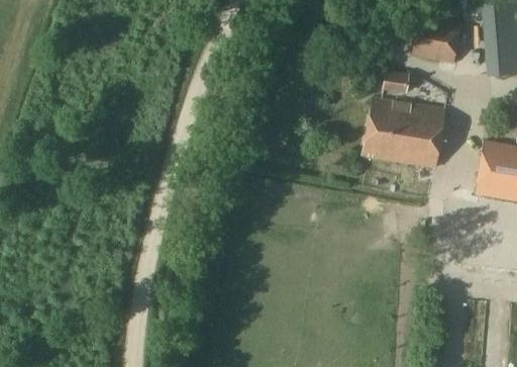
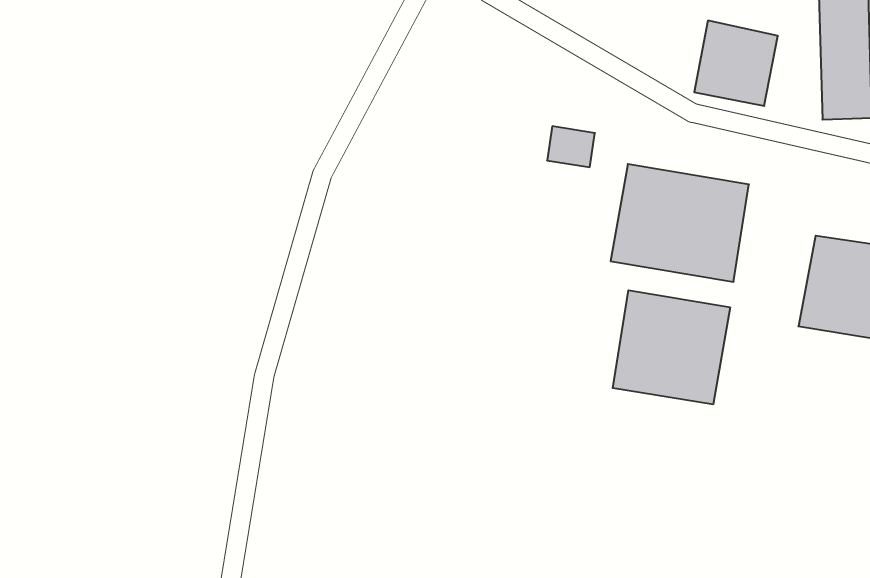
building: [382,70,410,94] -> [547,126,595,167]
building: none -> [613,290,730,404]

